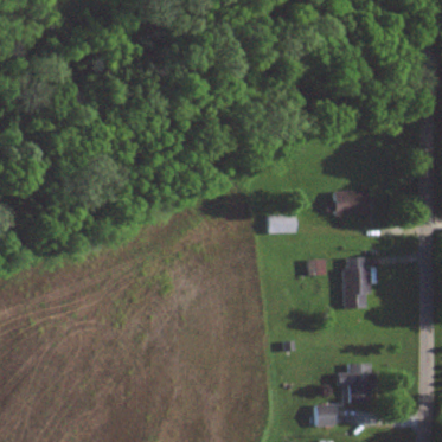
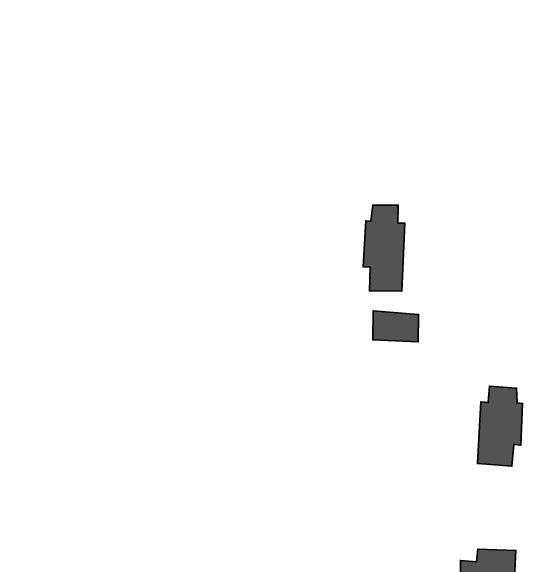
building: none -> [363,205,405,291]
building: [334,192,367,216] -> none

